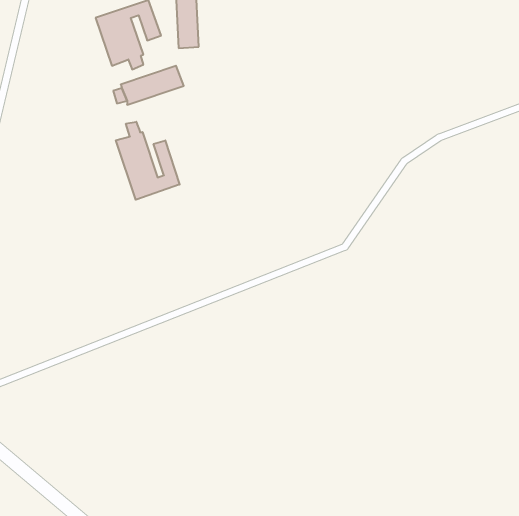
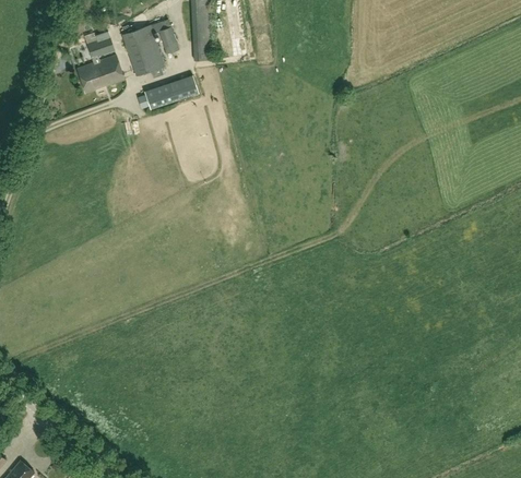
building: none -> [76,36,125,94]
building: [116,122,180,200] -> none

